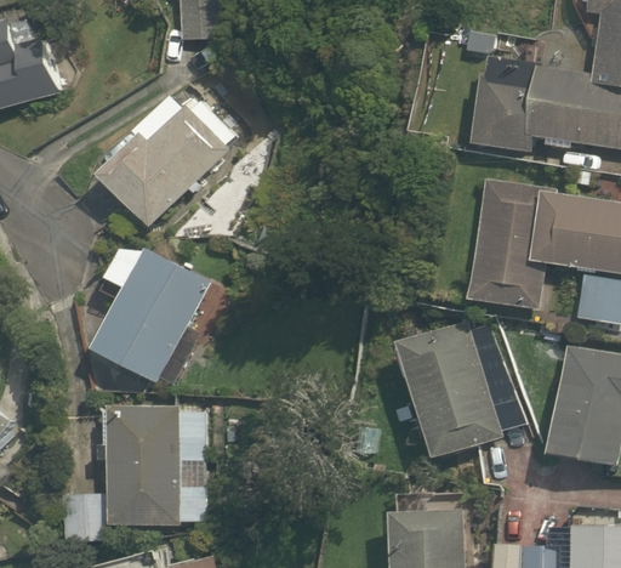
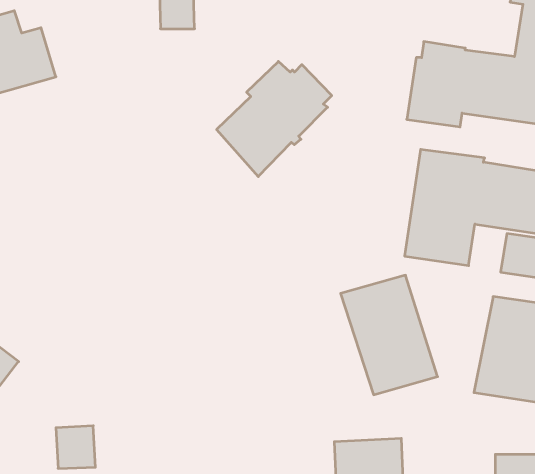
building: [109,98,240,229] -> [217,61,332,177]
building: [104,248,218,385] -> none
building: [116,404,207,526] -> none

